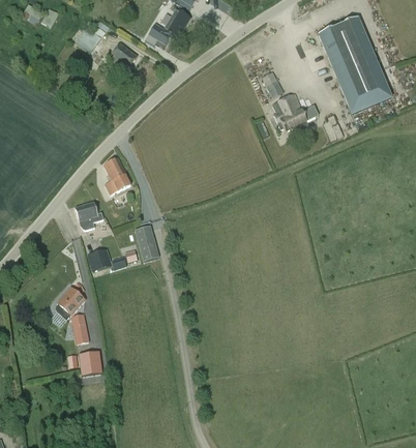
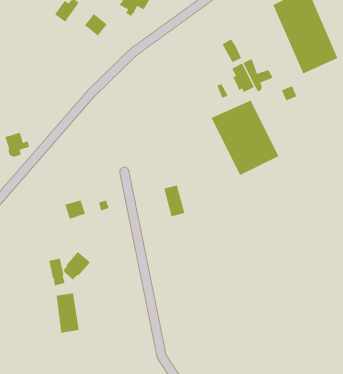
building: none -> [211,100,279,176]
building: [103,158,130,193] -> none
building: [76,202,103,230] -> [5,132,30,157]
building: [135,225,158,260] -> [163,185,185,217]
building: [55,287,85,319] -> [64,251,91,280]

